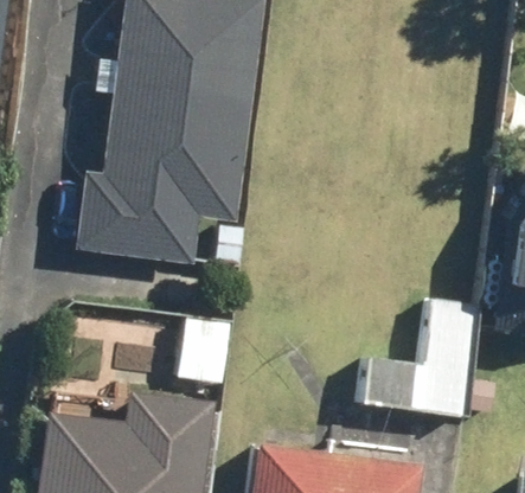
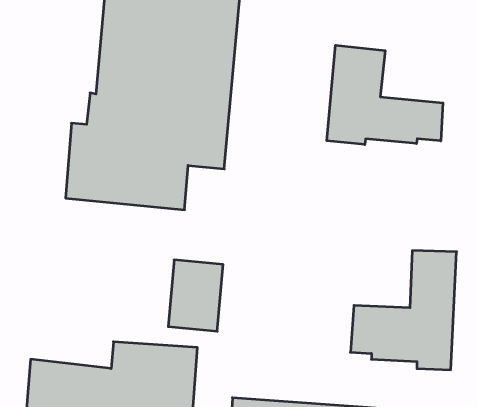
building: none -> [327,45,443,145]

